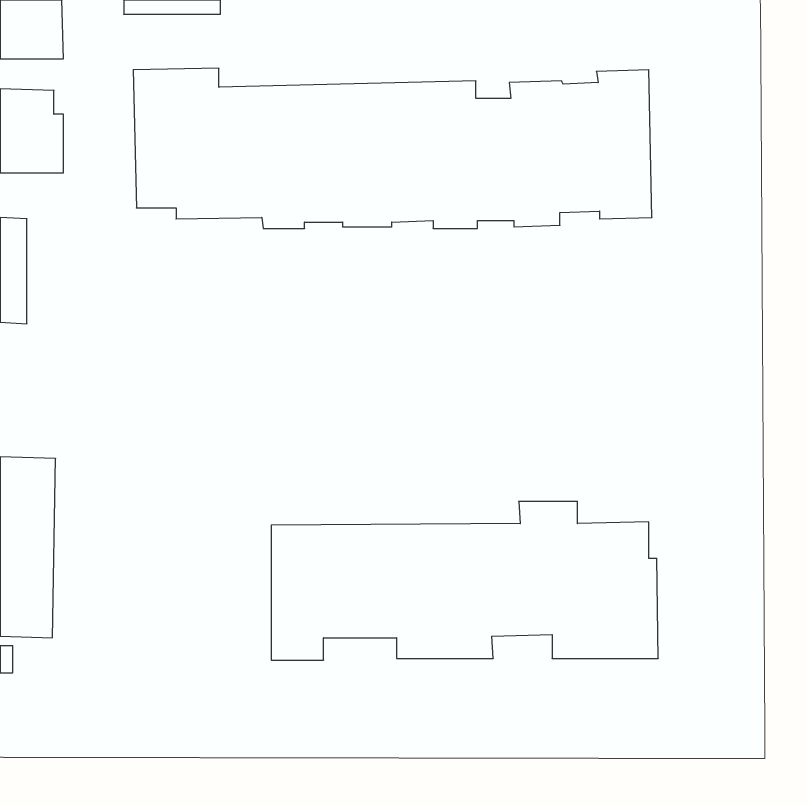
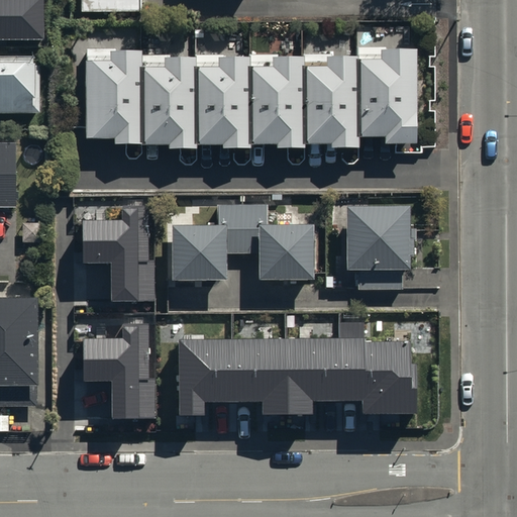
building: none -> [345,203,416,290]
building: none -> [171,204,312,279]
building: none -> [82,208,150,301]
building: none -> [84,326,152,419]

